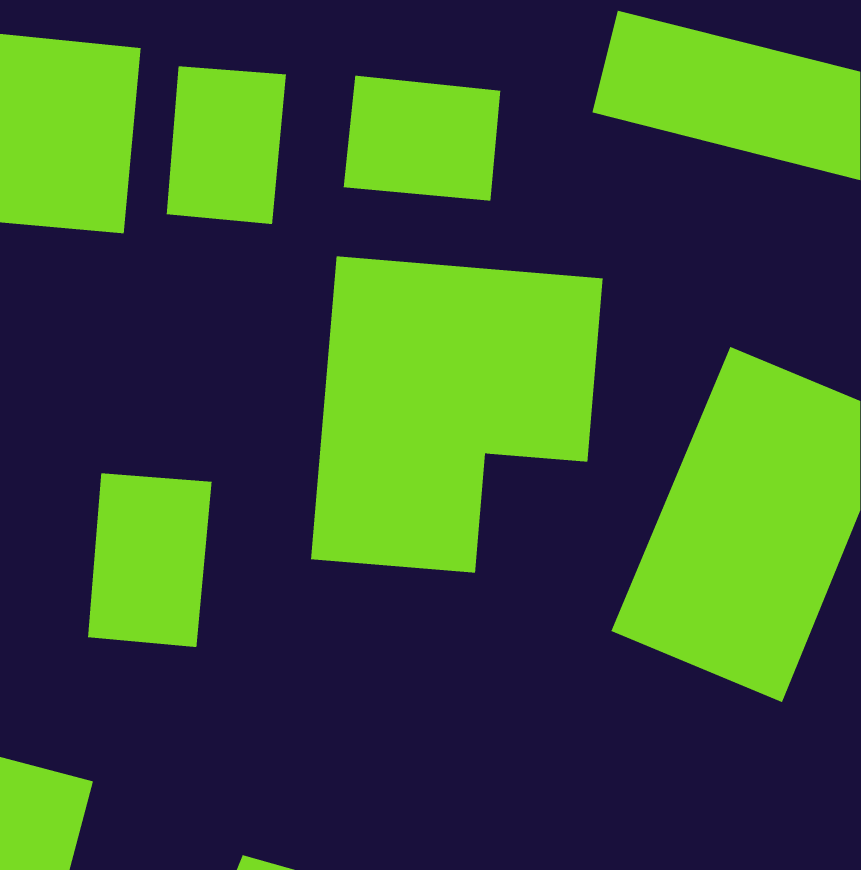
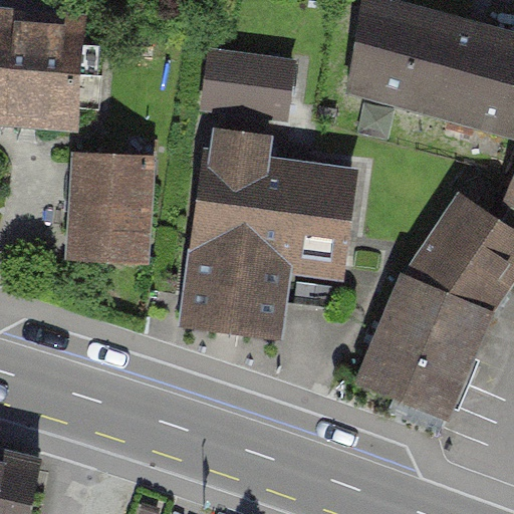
building: [166,66,287,225] -> none
building: none -> [67,158,153,263]
building: [88,472,212,648] -> none

